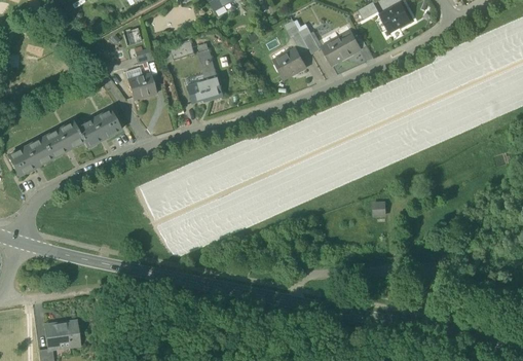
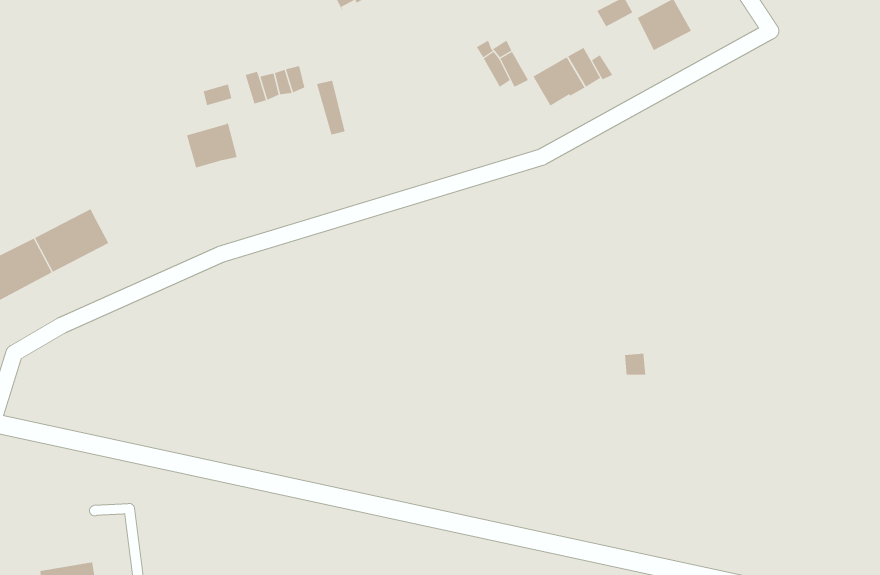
building: [274,47,306,78] -> none
building: [188,77,223,102] -> none
building: [77,109,121,146] -> none

